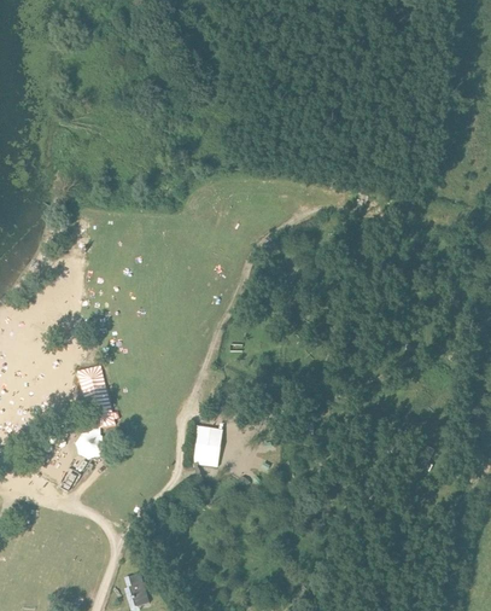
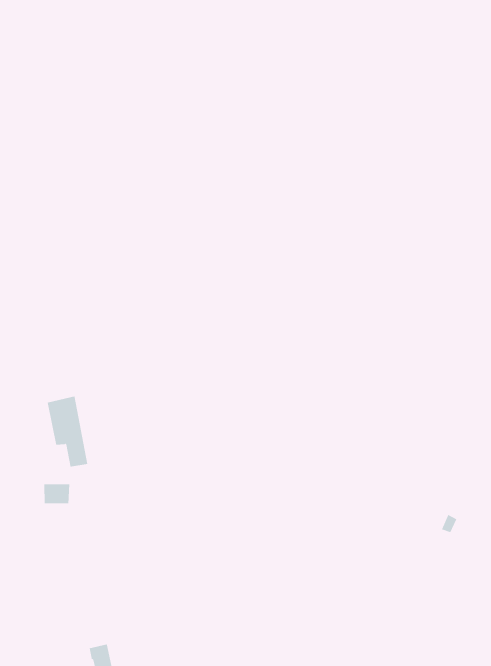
building: [194,425,223,465] -> none

